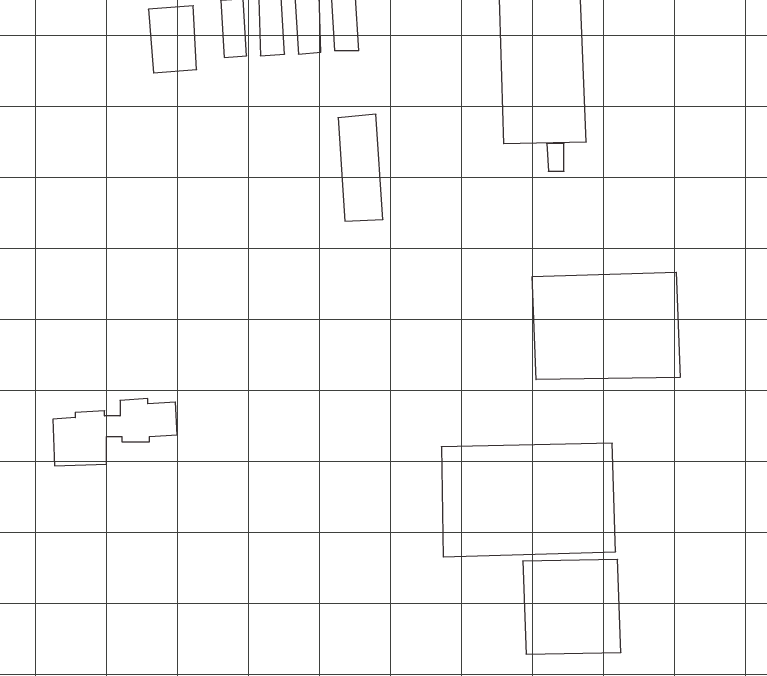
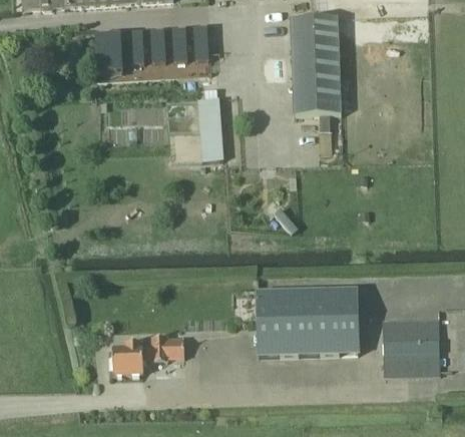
building: [532,272,680,380] -> none
building: [53,399,177,466] -> [112,335,184,374]
building: [523,559,621,654] -> [383,319,440,374]

